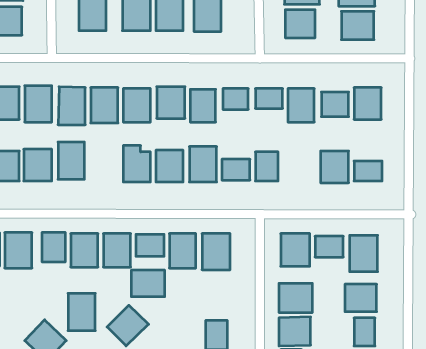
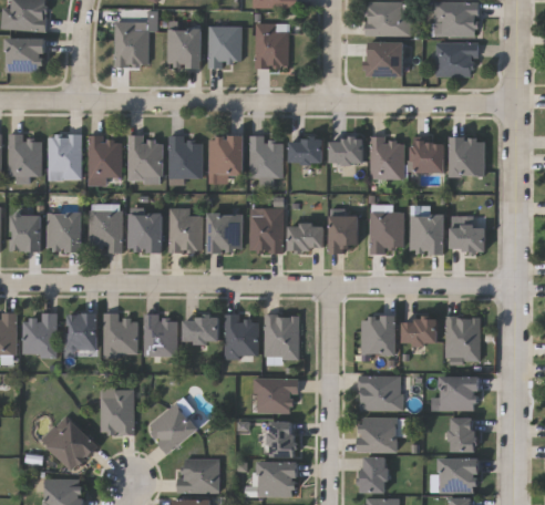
building: none -> [369,212,402,252]
building: none -> [127,213,163,250]
building: [131,270,165,297] -> [254,379,295,411]

